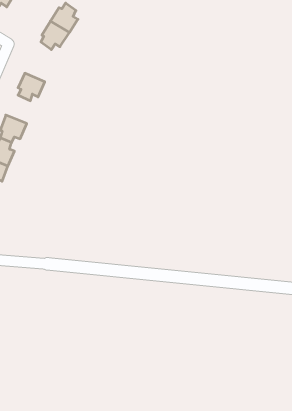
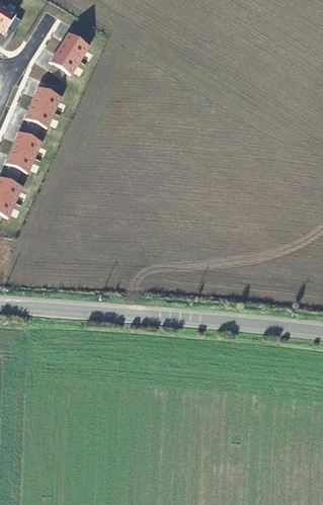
building: none -> [32,81,61,111]
building: none -> [12,125,41,156]

